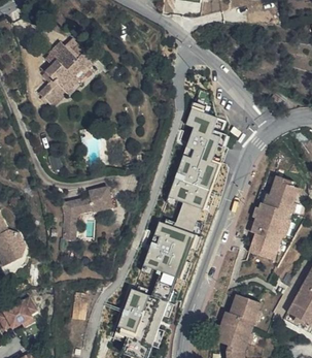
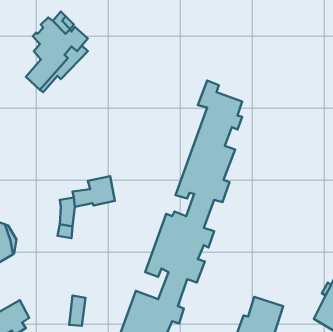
building: [247,176,298,263] -> none

